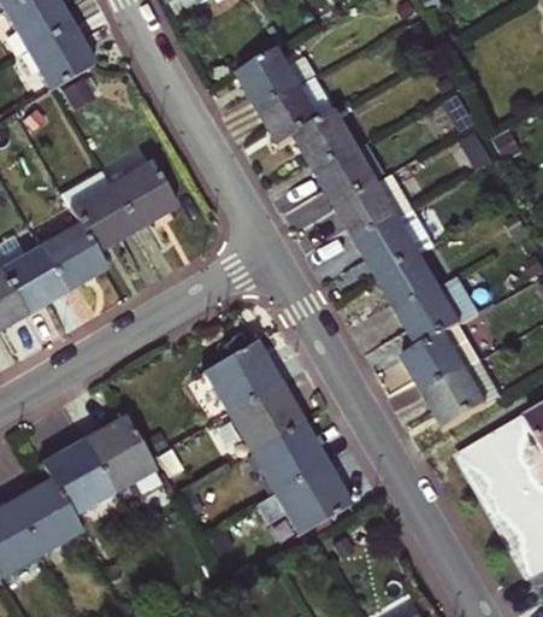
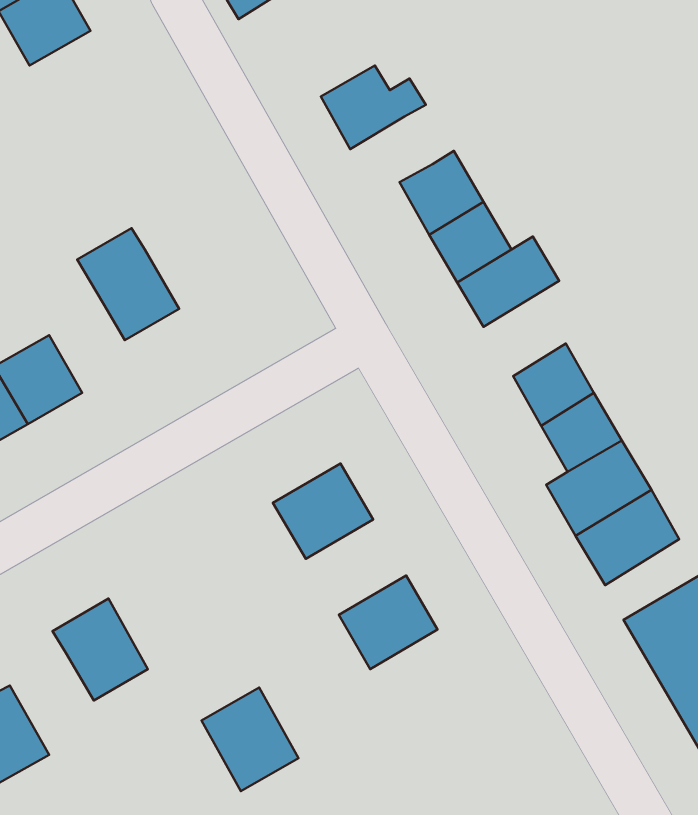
building: [24,24,93,90] -> none
building: [259,78,335,145] -> none
building: [108,161,173,228] -> none
building: [356,207,433,277] -> none
building: [39,224,102,289] -> none
building: [226,382,300,452] -> none
building: [82,416,153,492] -> [201,687,298,791]
building: [273,463,347,534] -> none
building: [10,480,79,554] -> none

